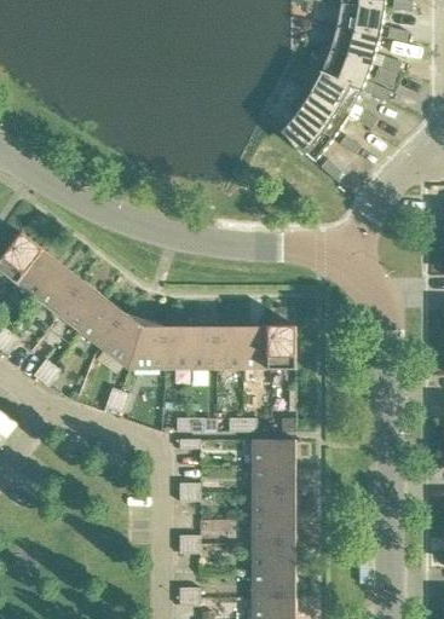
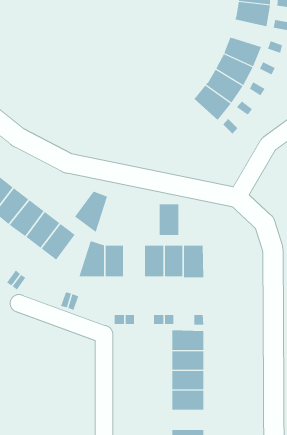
building: [329,28,379,64] -> none
building: [99,313,144,369] -> [74,191,108,233]
building: [189,326,215,369] -> [159,204,179,236]
building: [252,545,295,571] -> none

